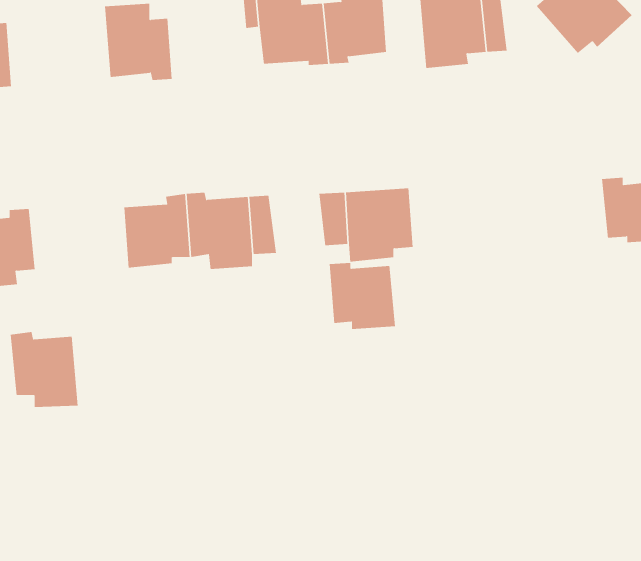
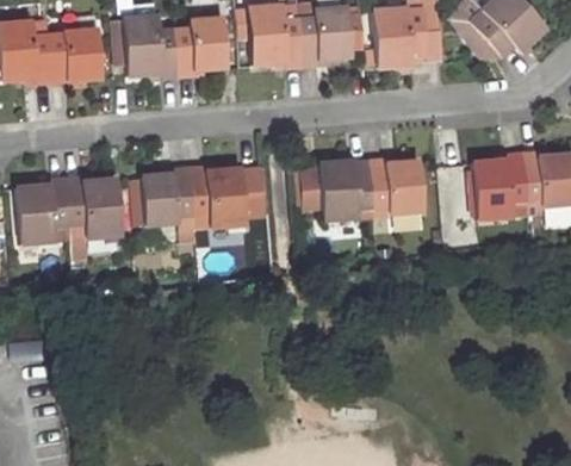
building: none -> [175,17,230,75]
building: none -> [46,25,101,81]
building: none -> [474,155,527,220]
building: [329,262,396,329] -> [368,161,422,215]
building: [10,332,78,407] -> [64,176,119,237]

